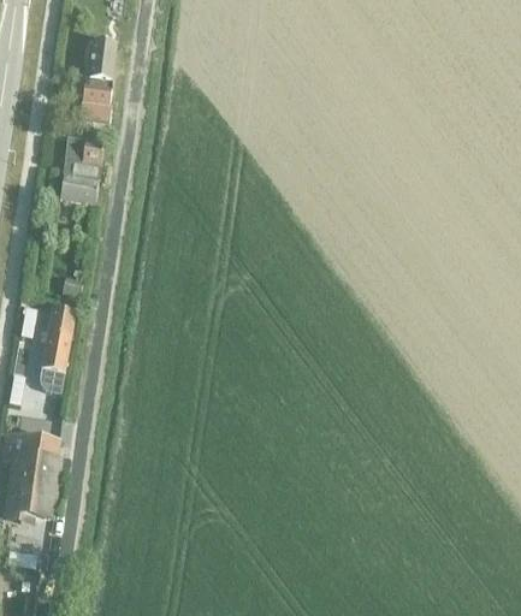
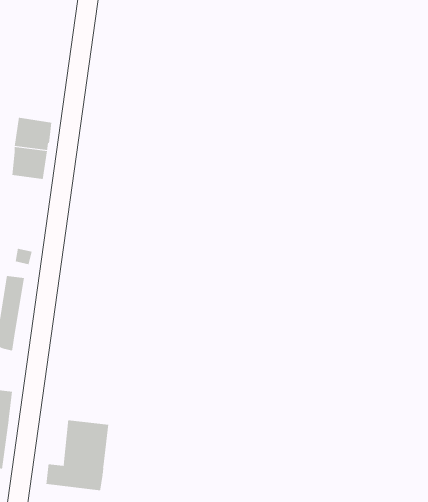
building: [83,29,117,120] -> none
building: none -> [46,419,109,491]

